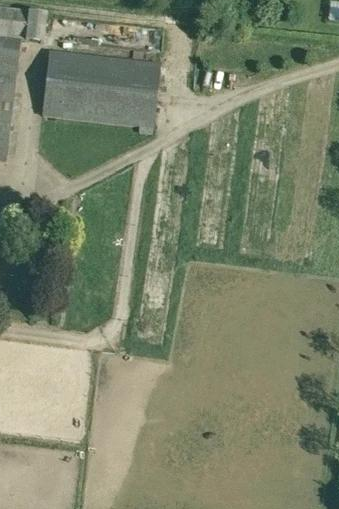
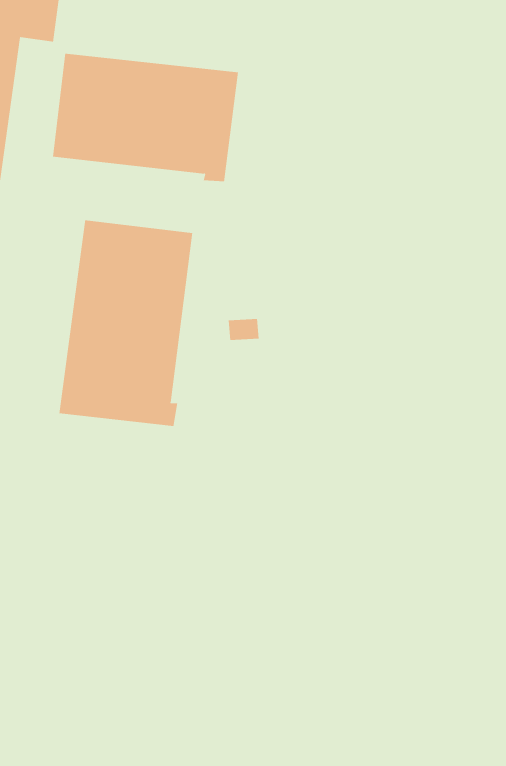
building: none -> [59,219,193,427]

